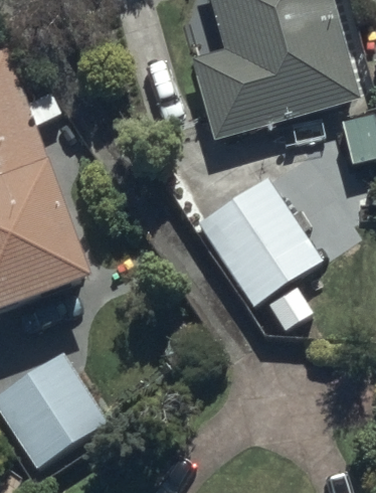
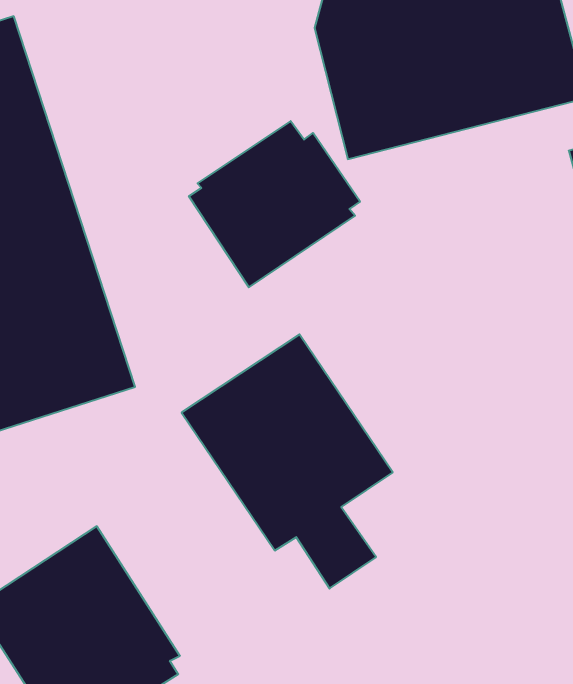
building: none -> [189,121,360,287]
building: [200,186,328,340] -> [182,334,393,589]

